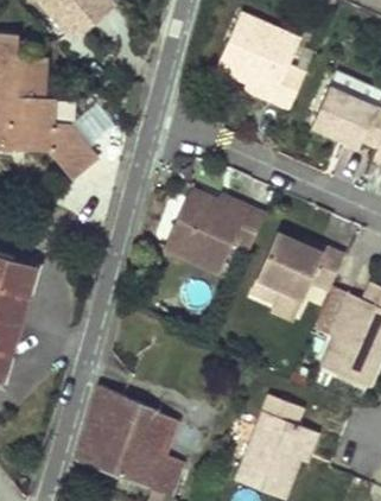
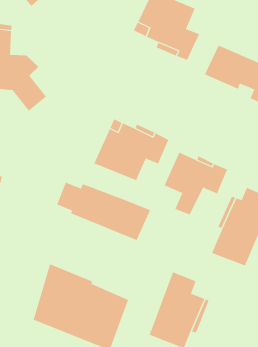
building: none -> [56,182,151,241]

